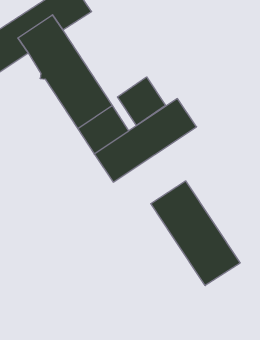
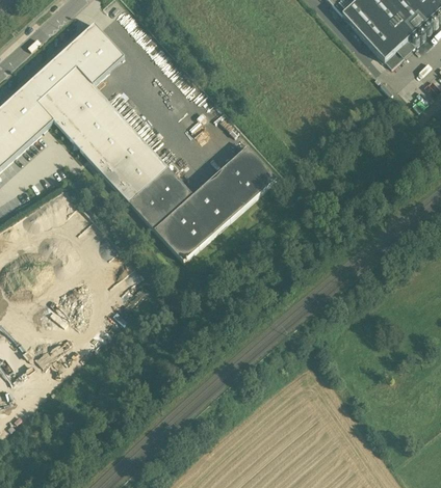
building: [117,77,166,126] -> none
building: [151,181,240,286] -> none

